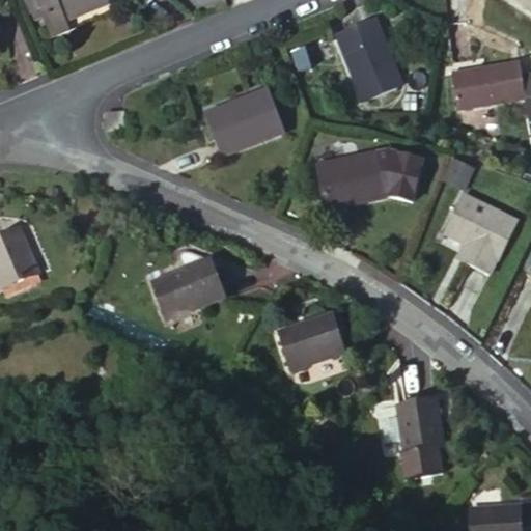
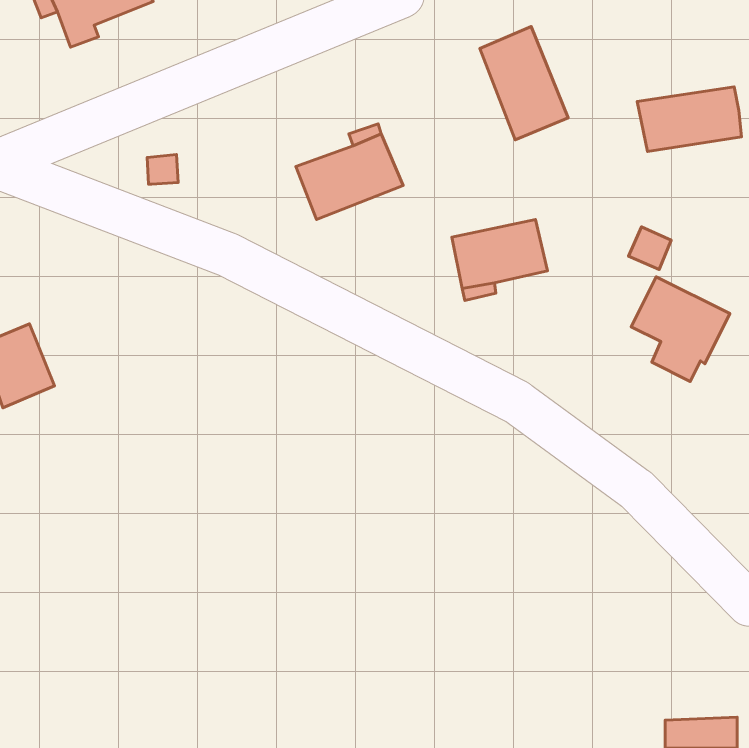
building: [378,152,422,201] -> none
building: [152,258,226,319] -> none
building: [278,314,345,369] -> none
building: [398,399,443,477] -> none

